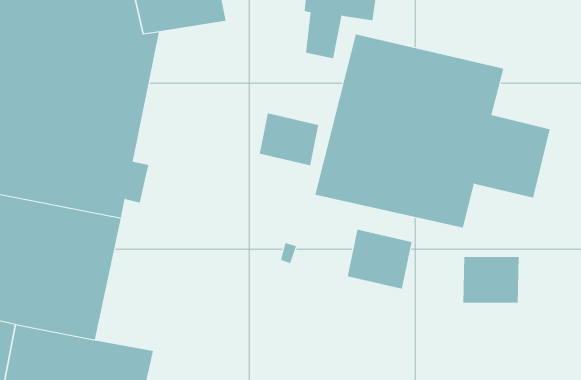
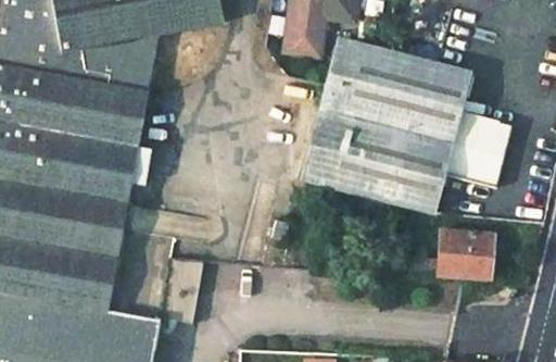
building: [259,113,319,166] -> none
building: [347,229,412,290] -> none

